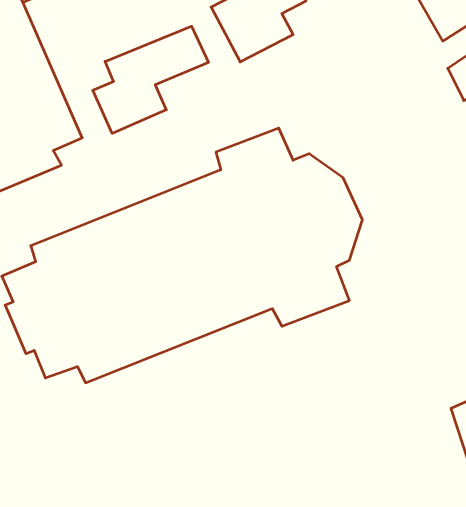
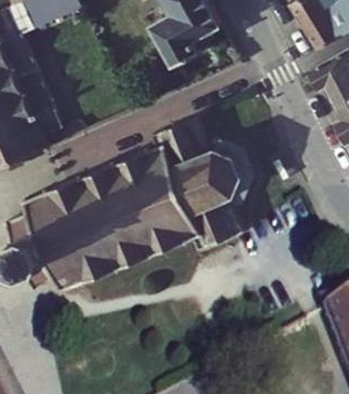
building: [93,26,208,133] -> none

